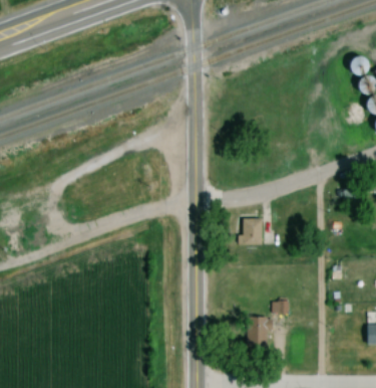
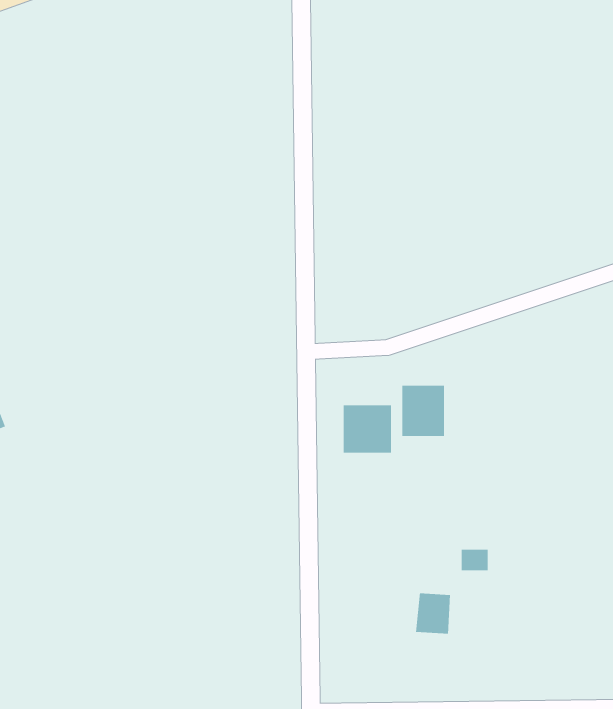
building: none -> [343,405,392,453]

